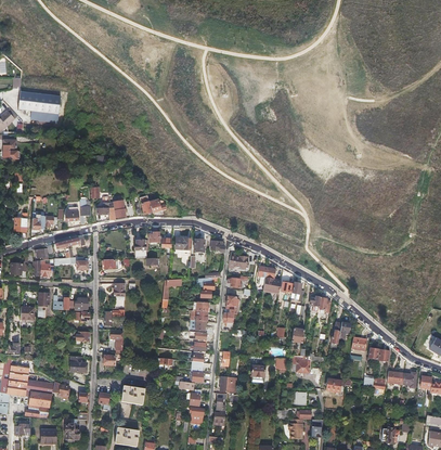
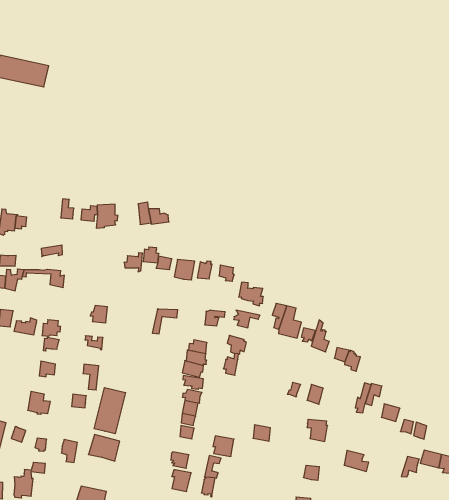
building: none -> [94,388,126,434]

